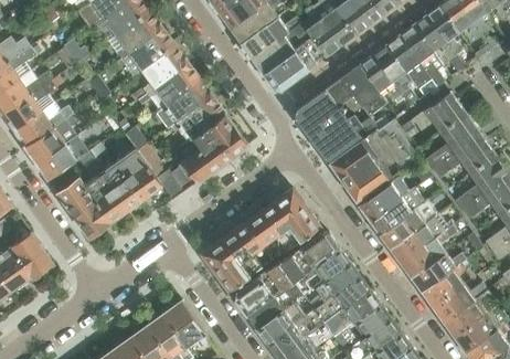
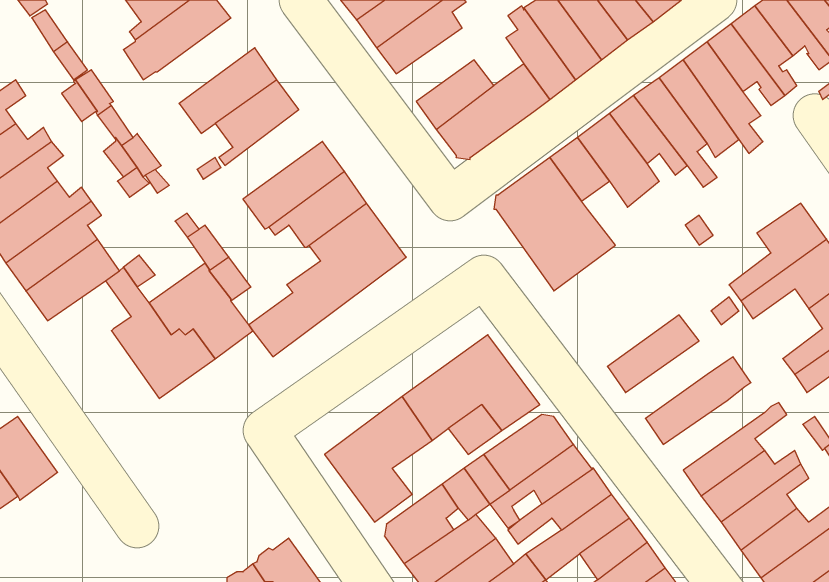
building: [108,12,162,60] -> none
building: [241,18,288,59] -> none
building: [146,63,200,113] -> none
building: [412,93,465,131] -> none
building: [328,120,421,202] -> none
building: [56,177,109,239] -> none
building: [368,188,424,234] -> none
building: [389,217,445,263] -> none

